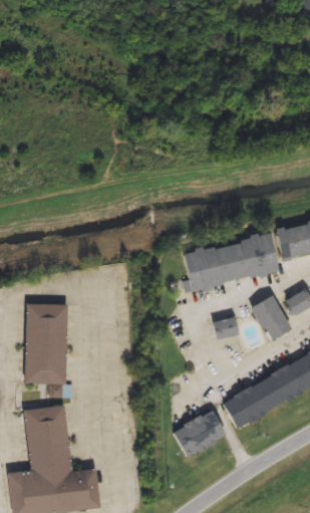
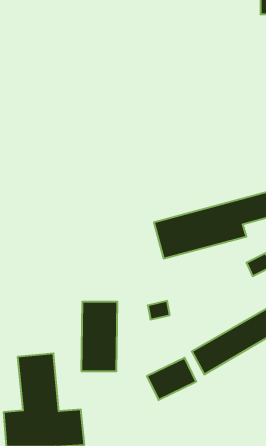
building: [253,296,291,341] -> none
building: [25,304,66,383] -> [81,302,117,371]
building: [213,318,238,339] -> [148,301,170,319]

